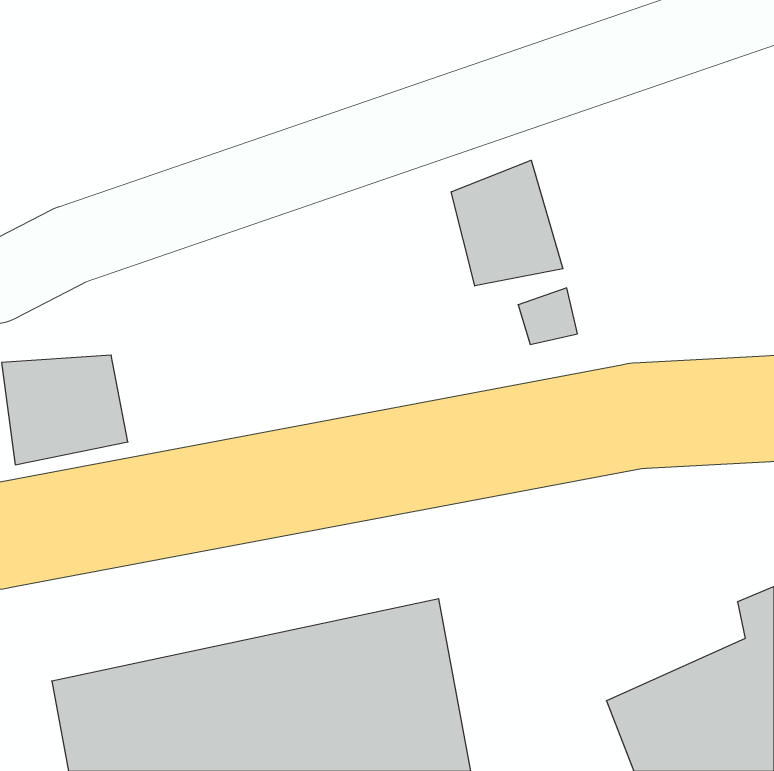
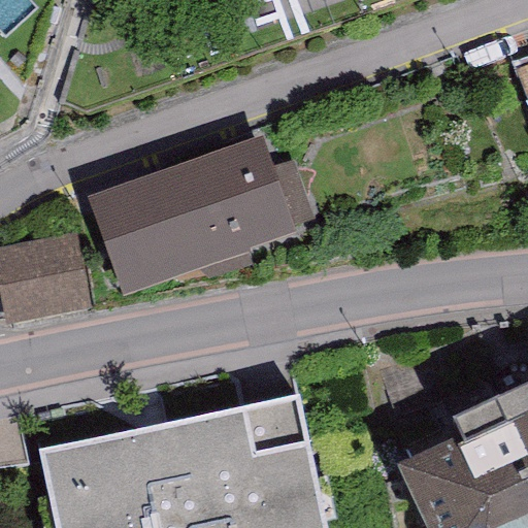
building: [451,160,563,286] -> none
building: none -> [101,147,294,272]

